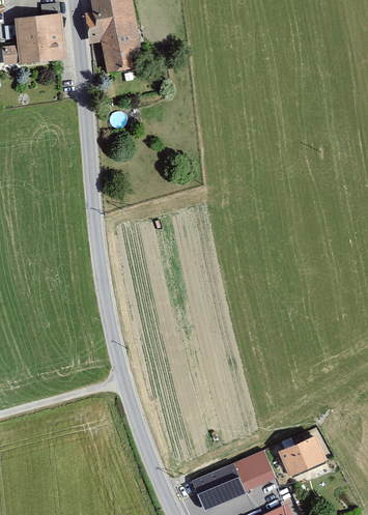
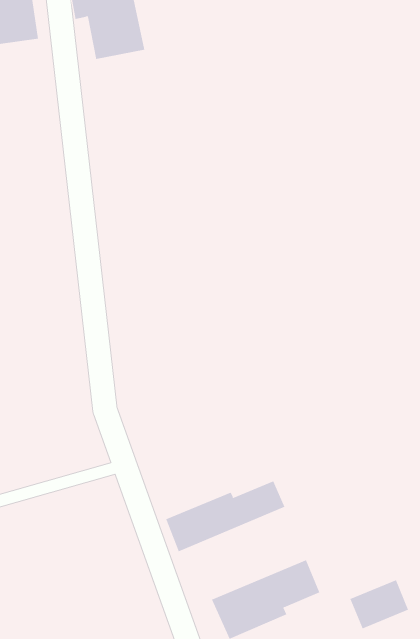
building: none -> [166,480,285,552]
building: [284,435,329,473] -> [350,580,409,629]

